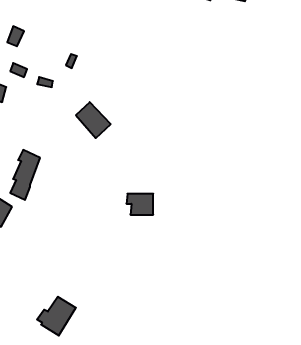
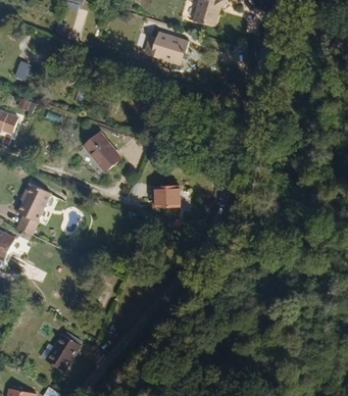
building: none -> [146,35,189,69]
building: [126,194,153,215] -> [149,184,177,205]

